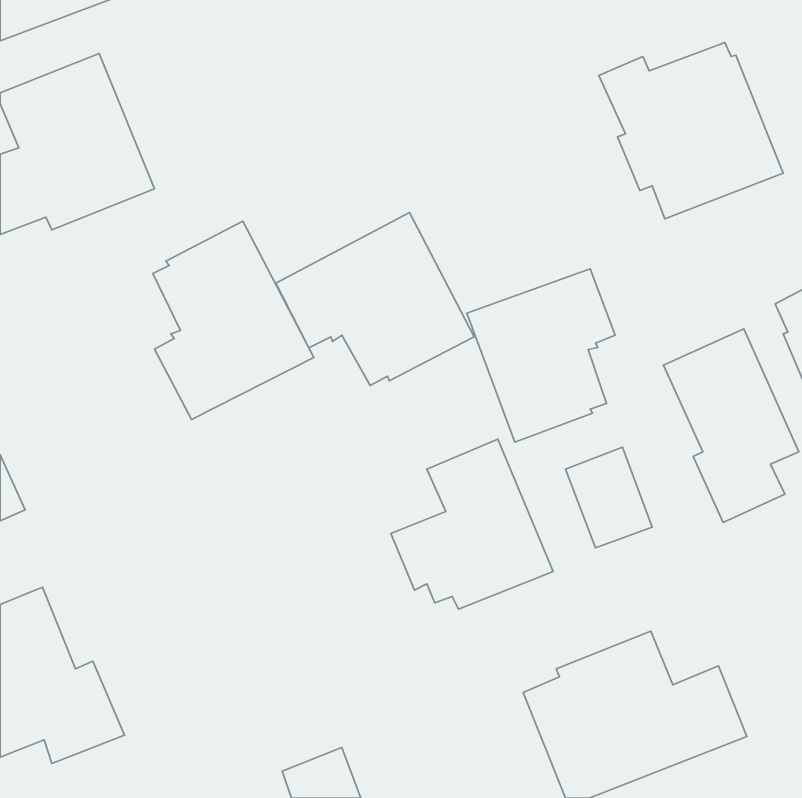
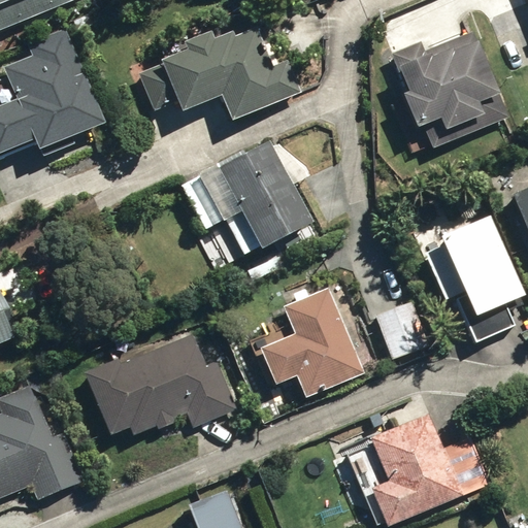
building: none -> [138,26,301,122]
building: [153,221,314,420] -> none
building: [467,269,615,442] -> none
building: none -> [80,331,237,436]

